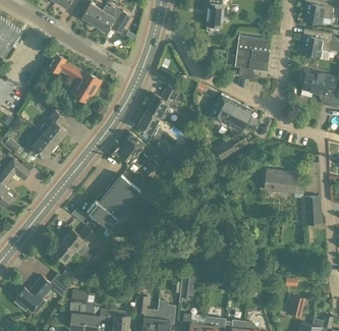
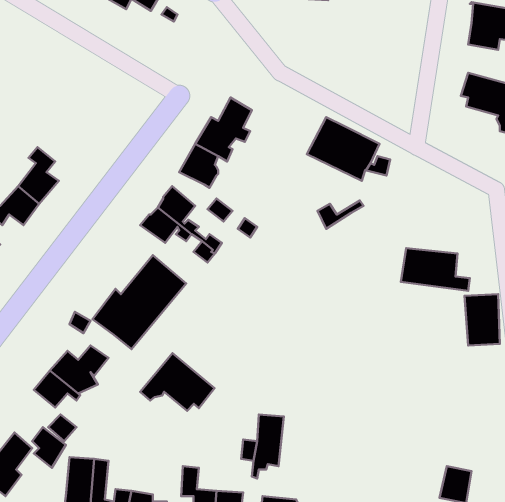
building: [234,34,269,78] -> none
building: [48,54,102,102] -> none
building: none -> [140,353,215,411]

